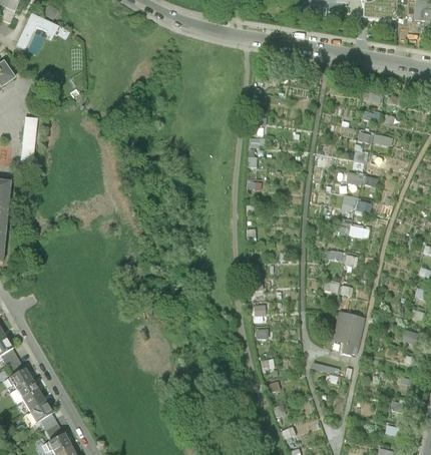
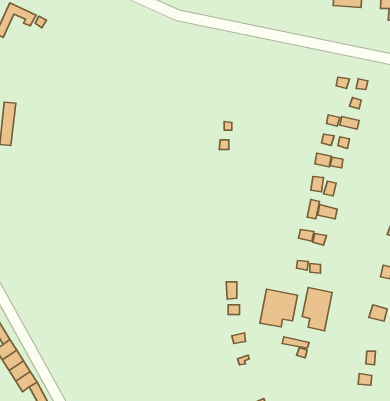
building: none -> [260,289,297,327]

